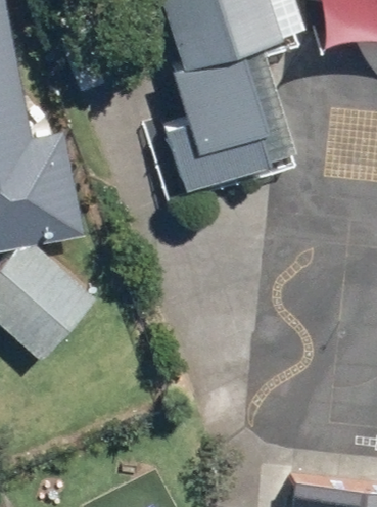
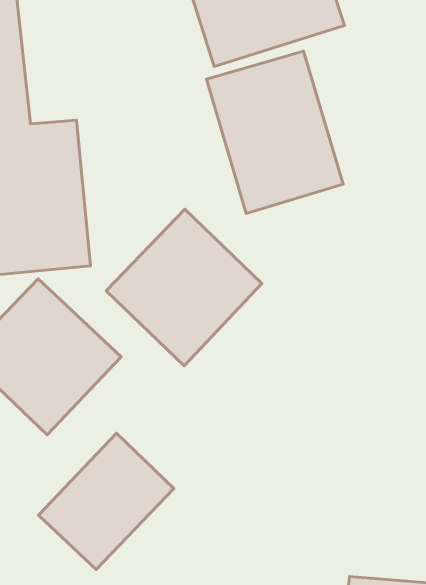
building: none -> [106,209,262,366]
building: none -> [38,433,174,570]

